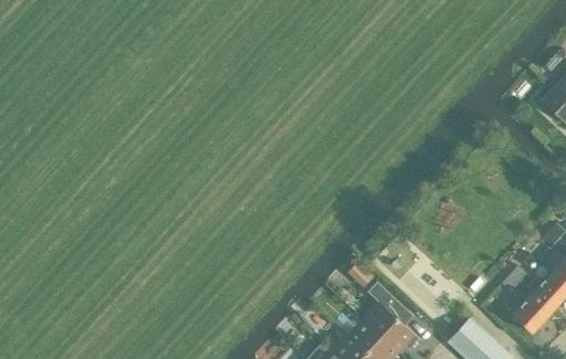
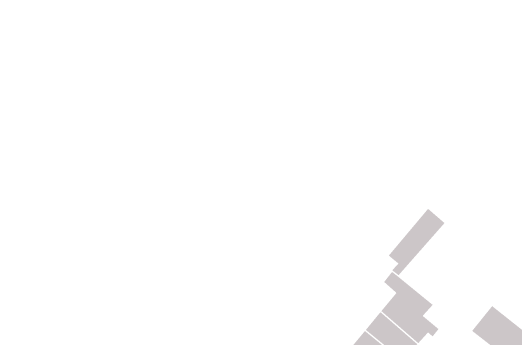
building: none -> [388,208,445,276]

